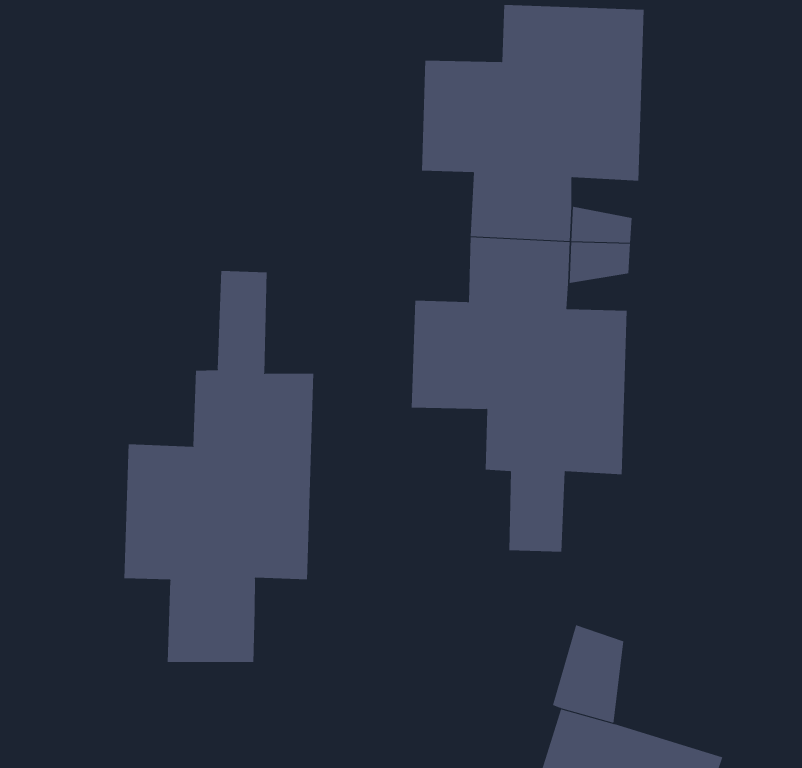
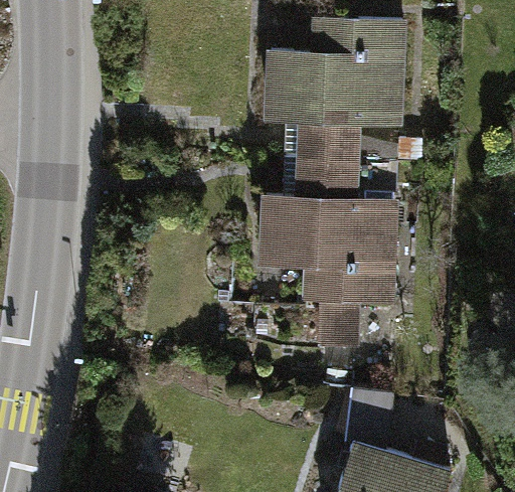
building: [124,270,314,663] -> none

